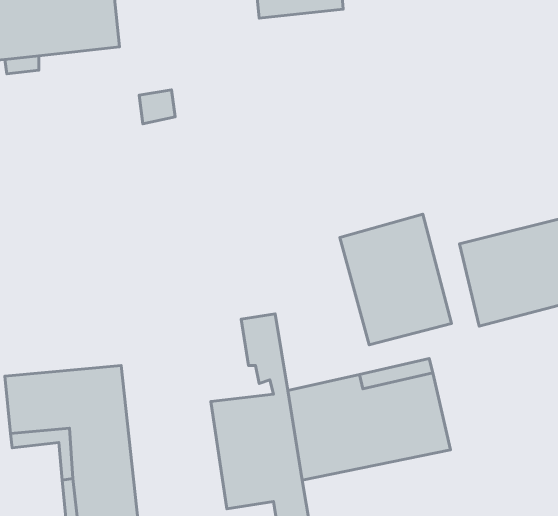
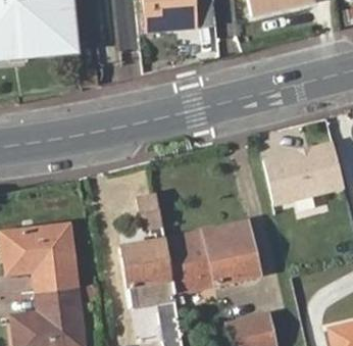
building: [340,214,451,345] -> none

